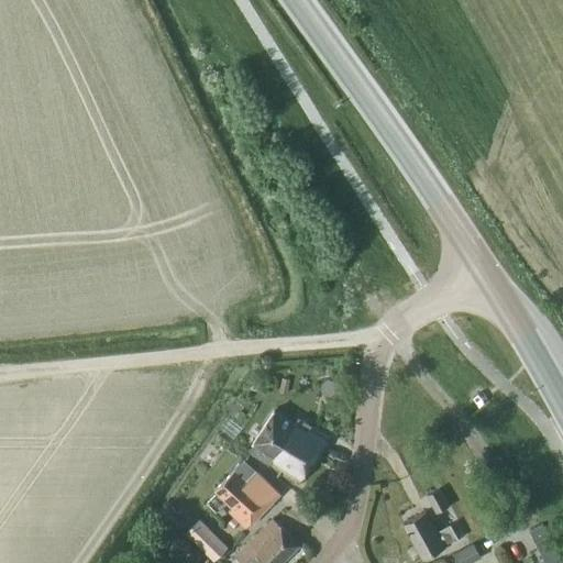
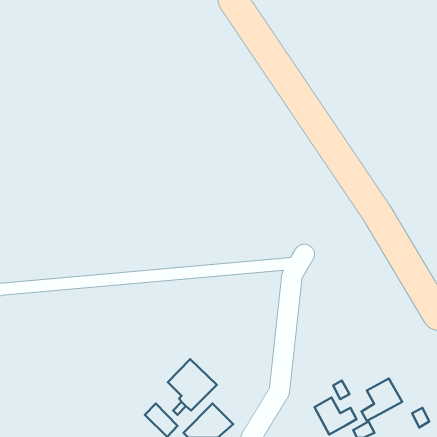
building: [251,410,330,483] -> none
building: none -> [361,379,402,421]

